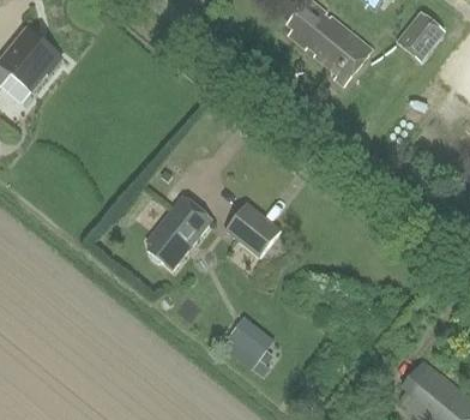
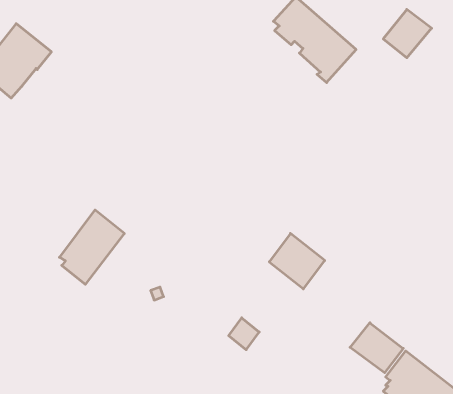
building: [145,192,211,268] -> [59,210,124,284]
building: [224,200,281,257] -> [269,233,325,289]
building: none -> [350,323,403,373]

